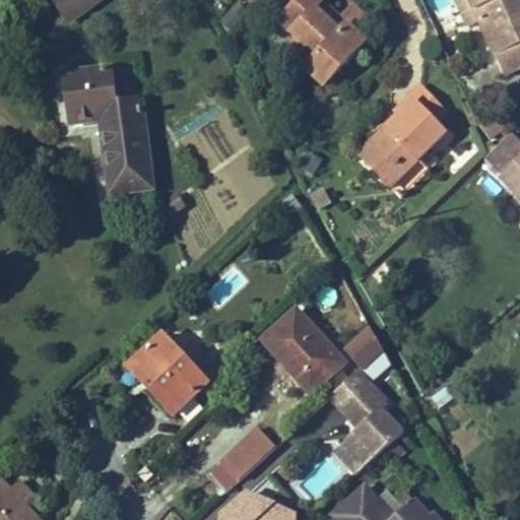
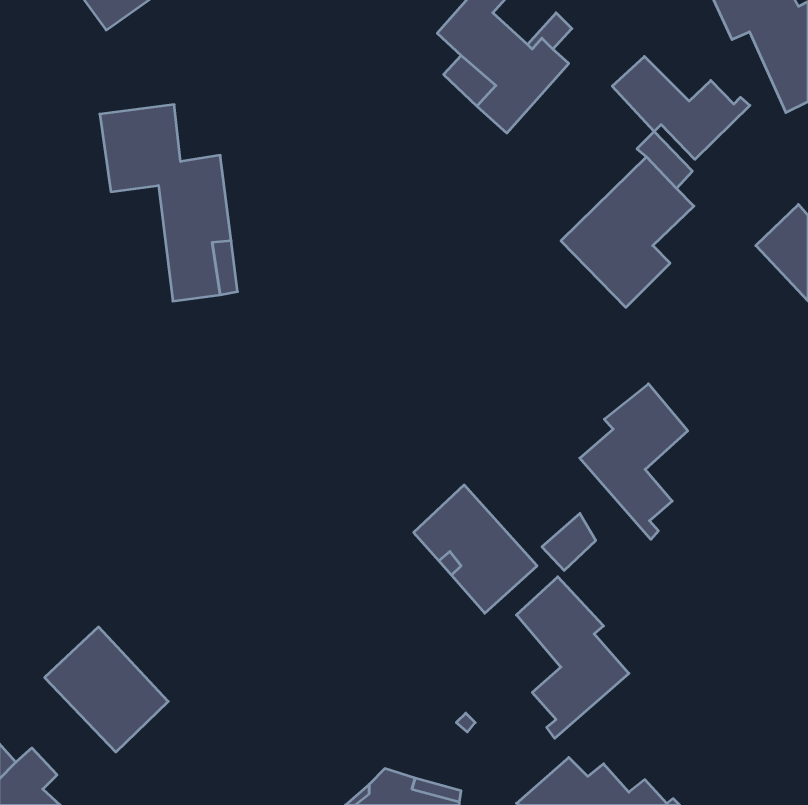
building: none -> [612,56,750,159]
building: none -> [580,384,688,539]
building: [128,334,207,414] -> [45,627,168,752]
building: [220,427,275,480] -> none

